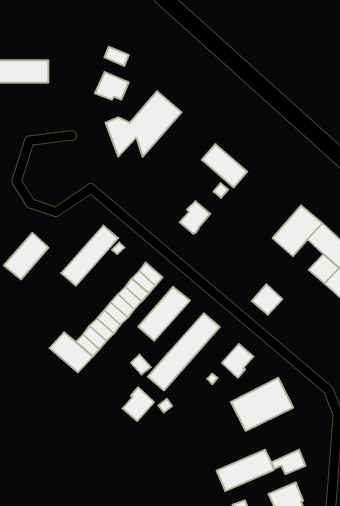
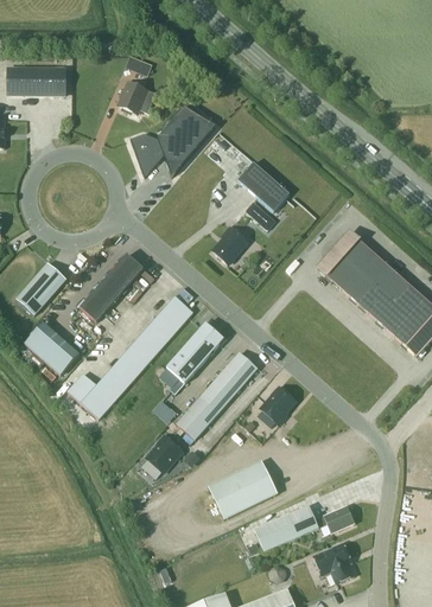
building: [252,284,282,315] -> [339,269,374,304]
building: none -> [24,321,78,375]
building: [231,378,293,431] -> [208,460,278,519]

